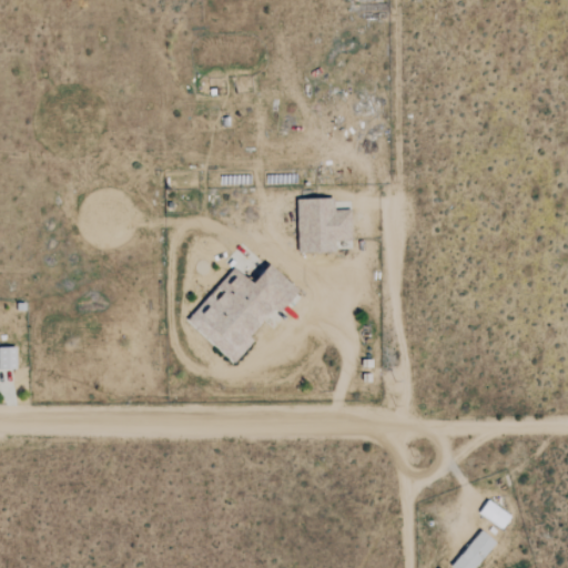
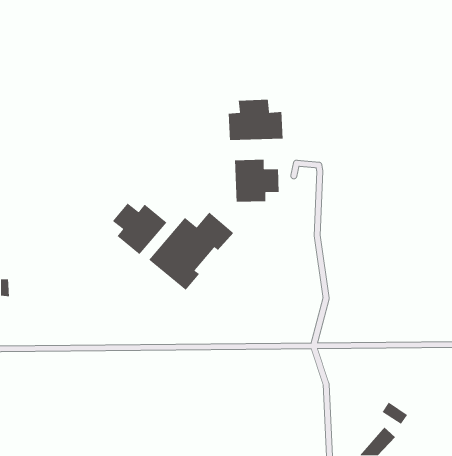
building: none -> [228,99,283,141]
building: none -> [112,203,167,255]

